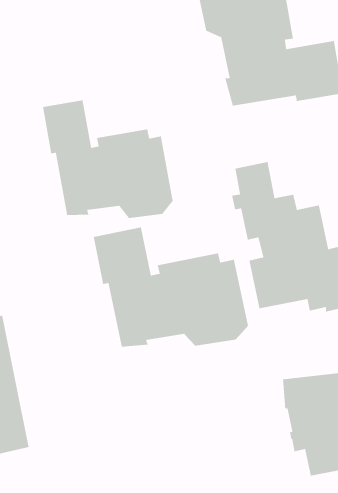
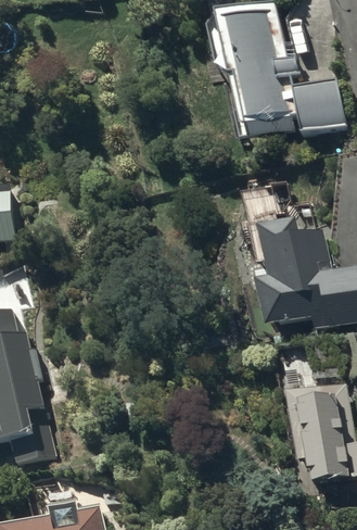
building: [42,100,174,219] -> none
building: [93,227,249,347] -> none

